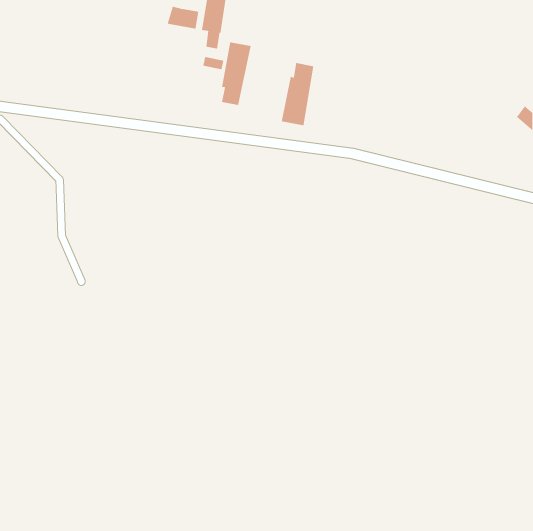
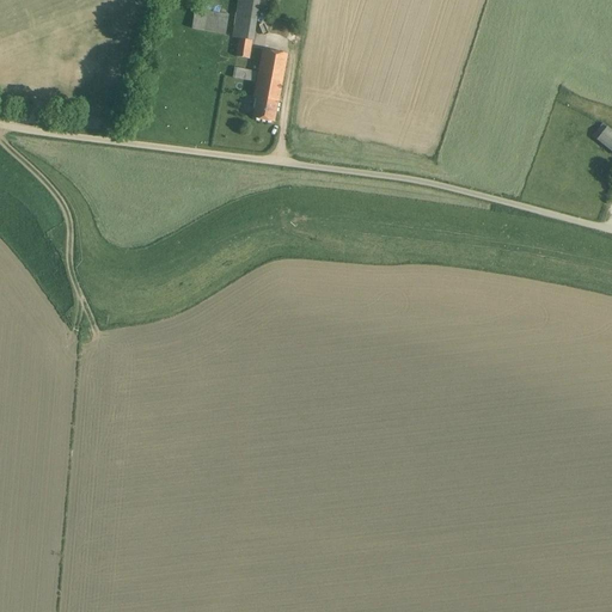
building: [281,62,314,126] -> none

